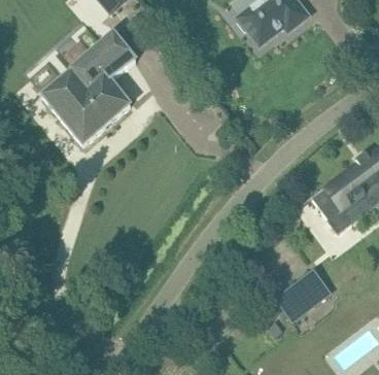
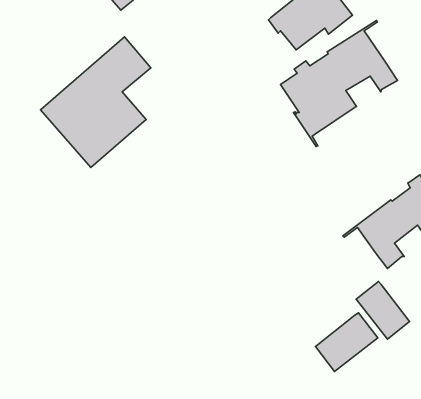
building: none -> [280,20,397,146]
building: none -> [356,281,410,339]

